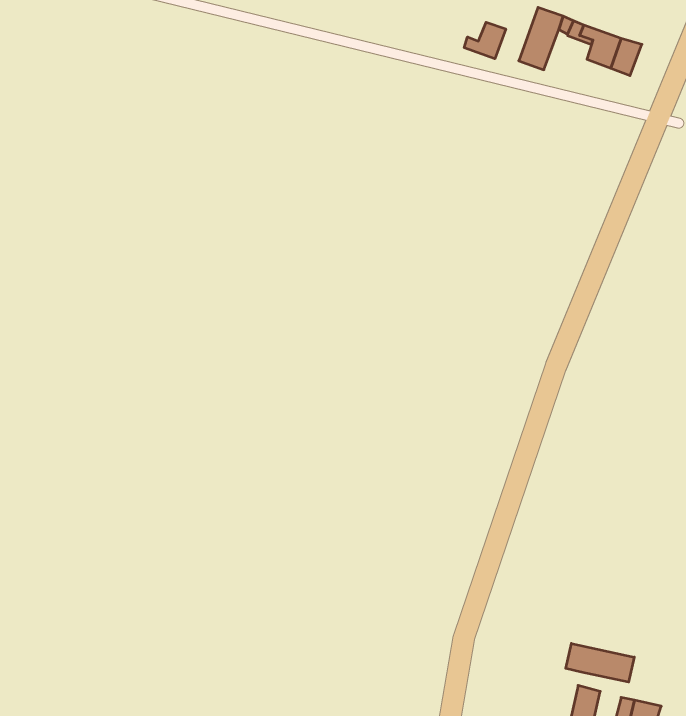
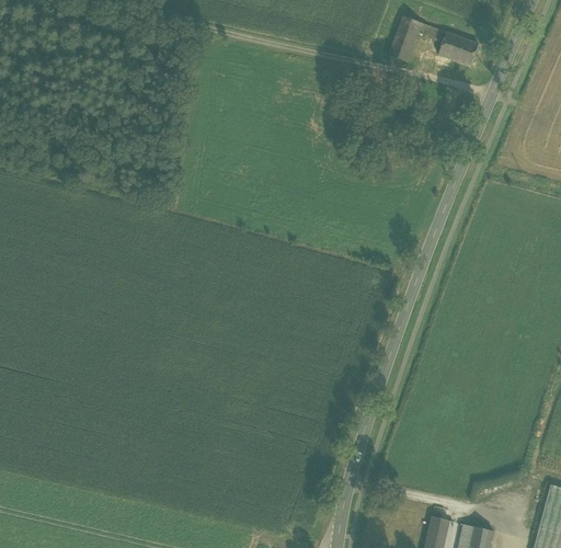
building: [464,22,506,59] -> none
building: [566,643,634,682] -> none

